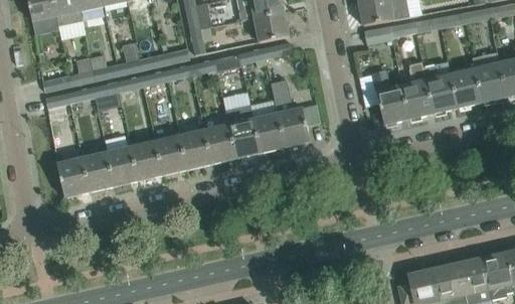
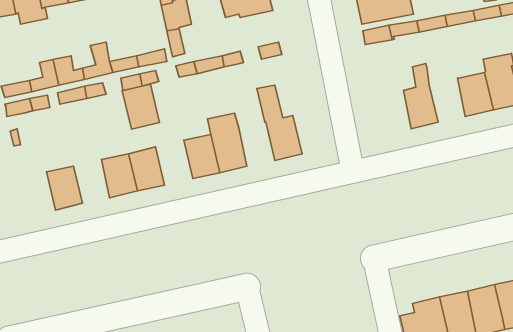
building: [255,13,290,42] -> none
building: [422,60,457,113] -> none
building: [372,70,408,124] -> none
building: [254,113,287,152] -> none
building: [180,129,213,169] -> [122,84,159,129]
building: [107,146,139,185] -> none
building: [57,157,91,197] -> none

